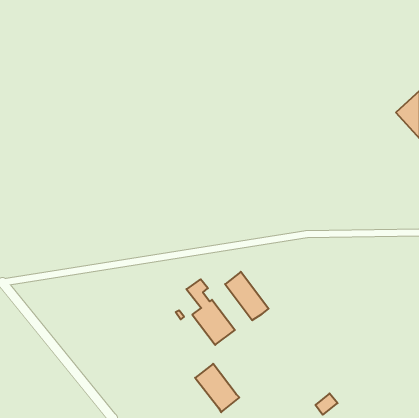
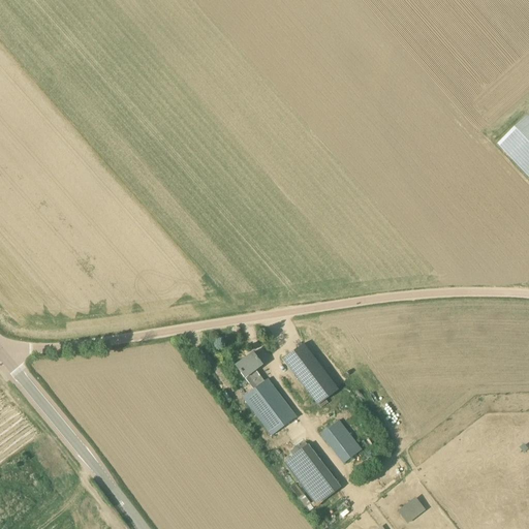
building: none -> [320,417,363,462]
building: [195,364,239,412] -> [285,443,341,504]

